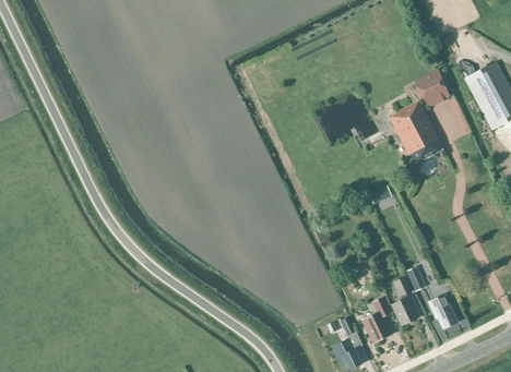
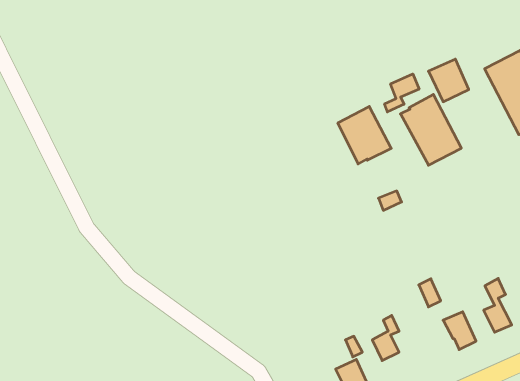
building: none -> [385,74,419,112]
building: none -> [338,106,391,164]
building: [392,277,417,325] -> [484,278,512,332]

